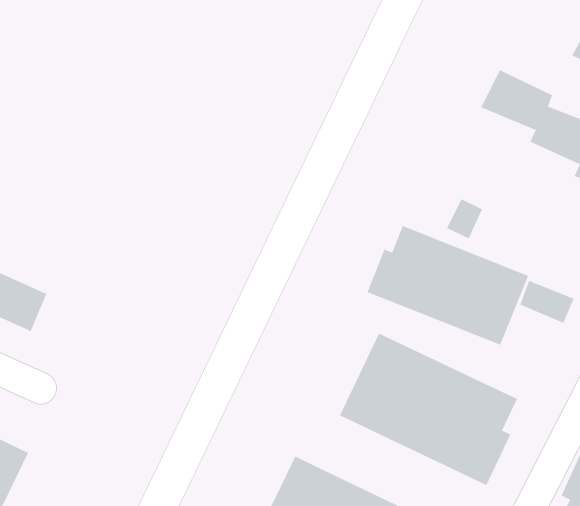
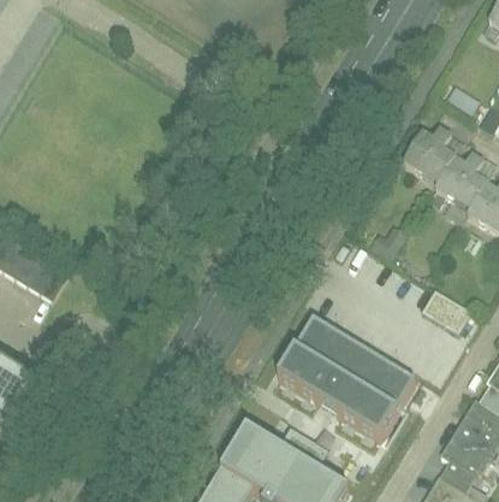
building: [367,225,529,346] -> none

